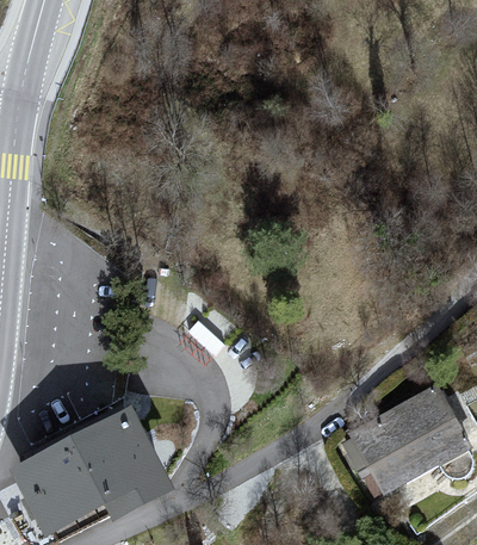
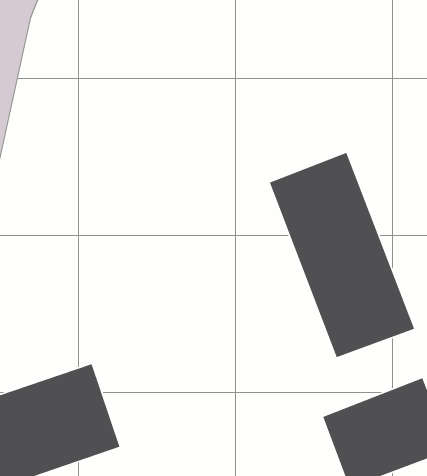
building: none -> [269,152,415,358]

